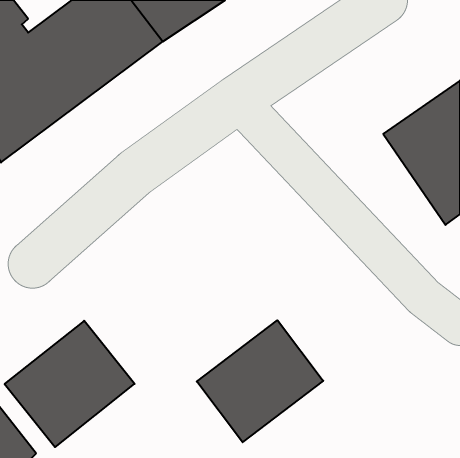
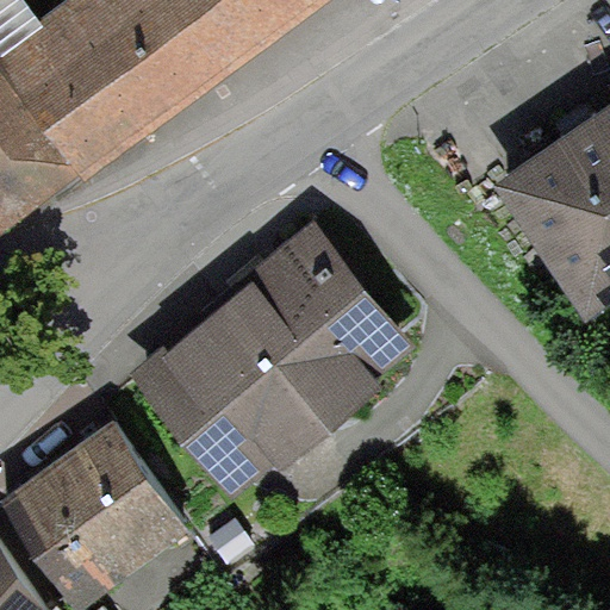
building: none -> [161,243,394,462]
building: [197,320,323,442] -> none

